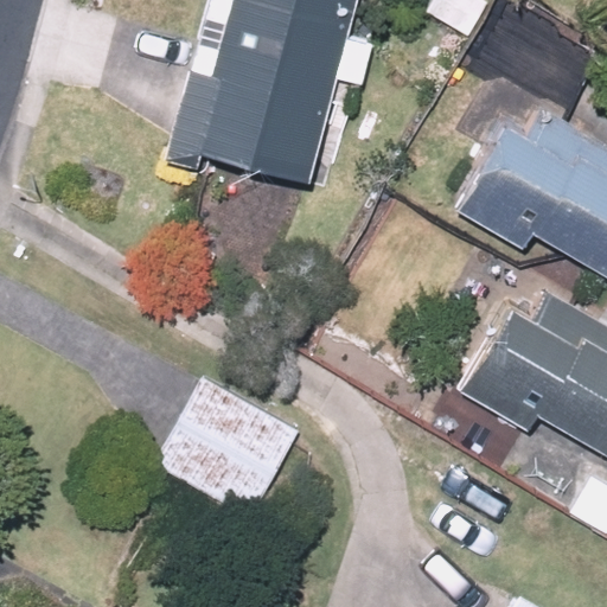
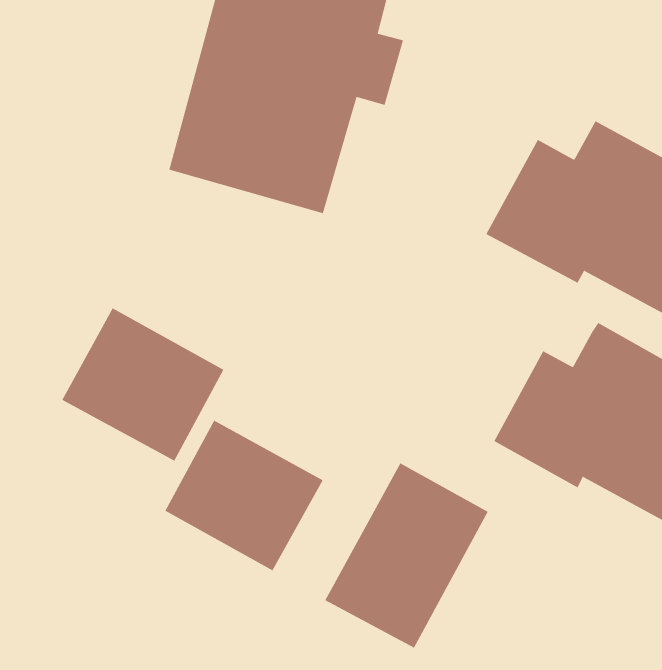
building: none -> [62,308,224,462]
building: none -> [325,462,489,648]

